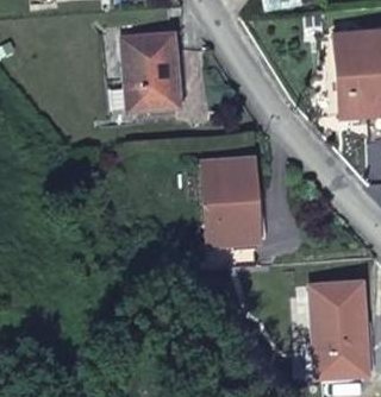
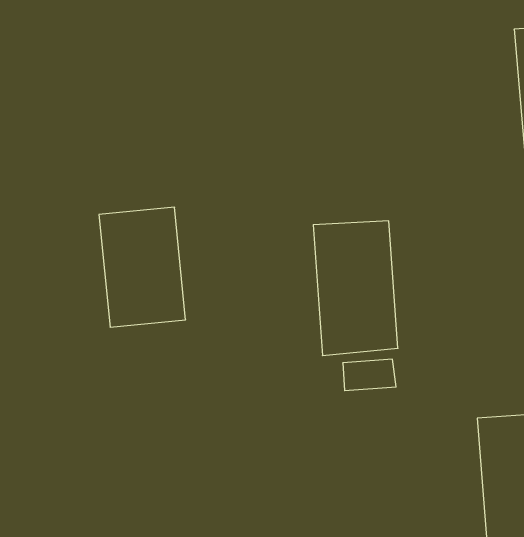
building: [124,32,180,109] -> [99,207,186,327]

